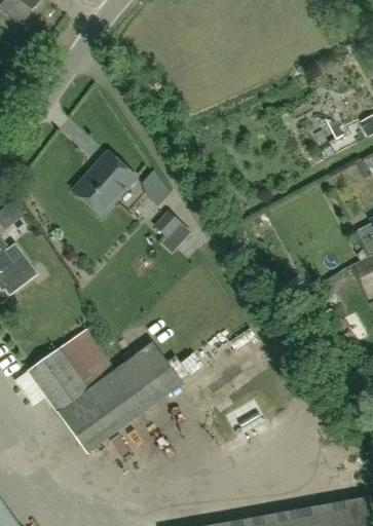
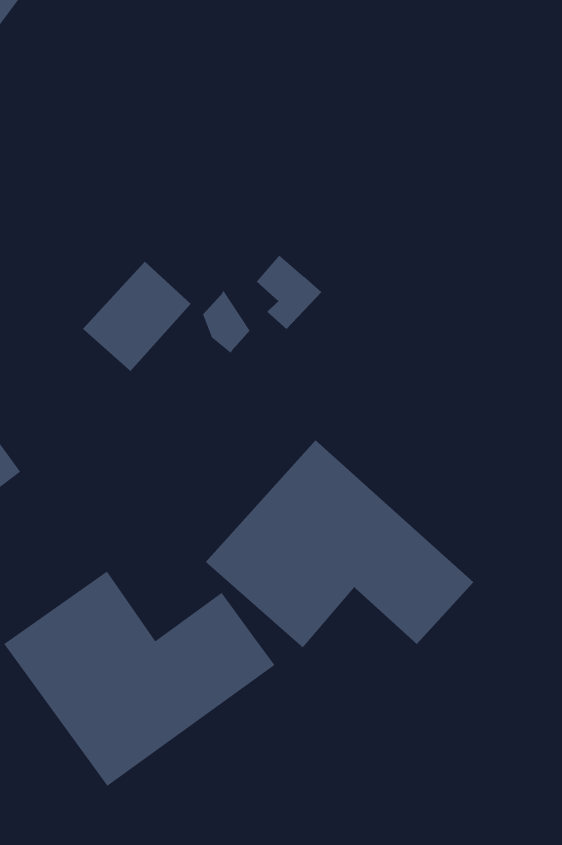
building: [153,211,191,254] -> [256,255,322,330]
building: none -> [205,440,474,648]

